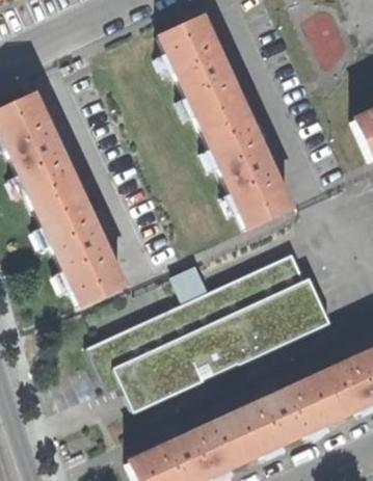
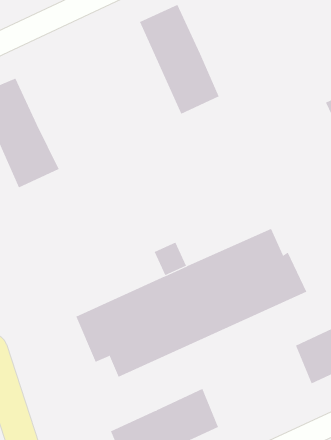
building: [206,113,291,229] -> none
building: [36,189,124,305] -> none
building: [229,373,342,458] -> none

